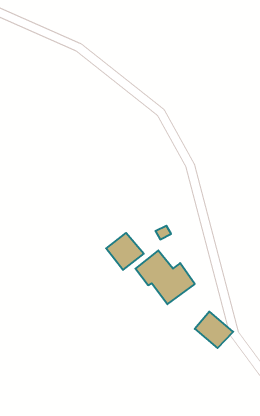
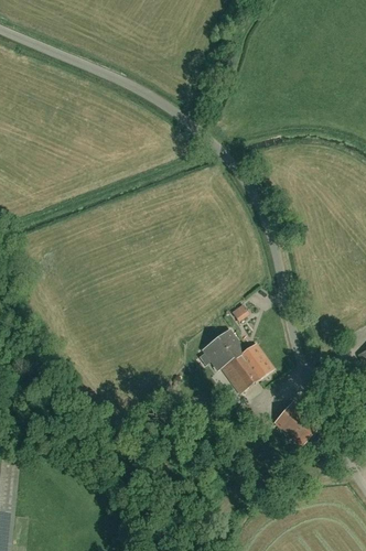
building: [106,233,144,270] -> none

